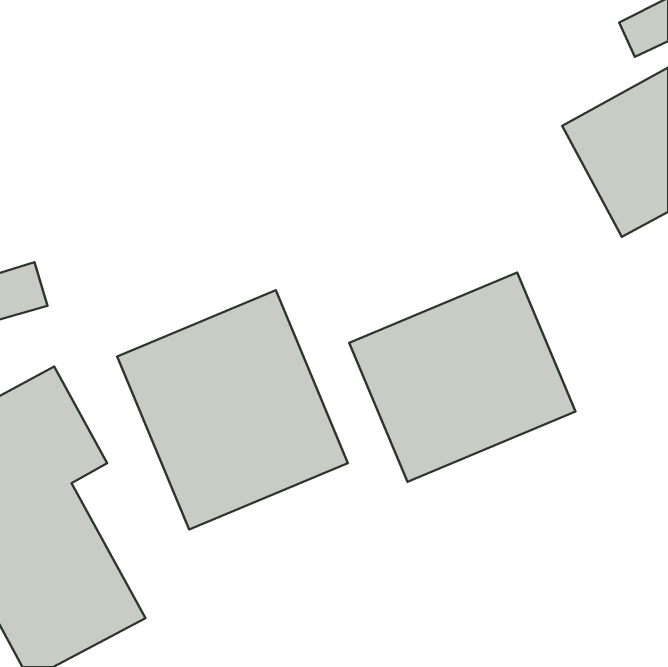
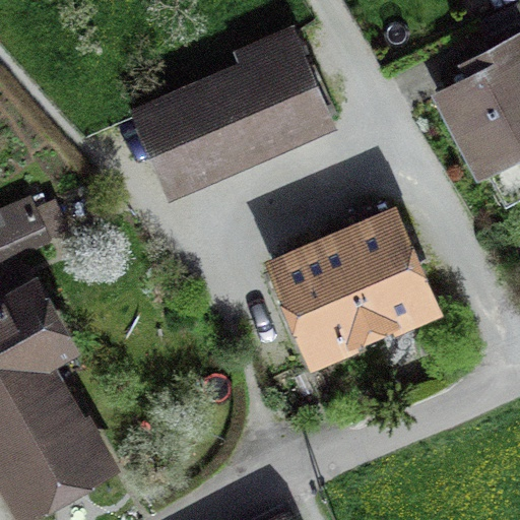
building: none -> [136,40,315,178]
building: [117,290,348,530] -> none

